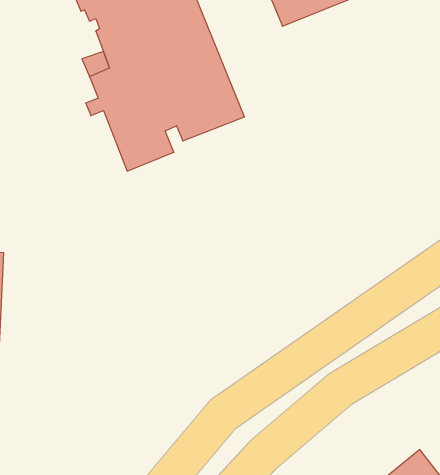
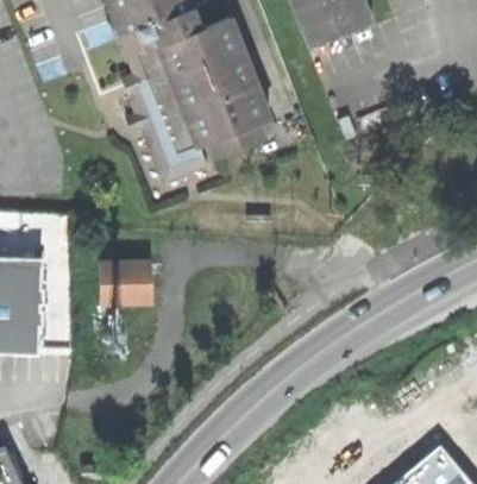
building: none -> [105,263,157,308]

